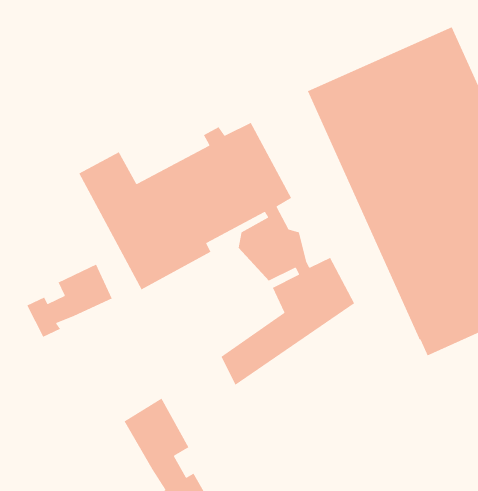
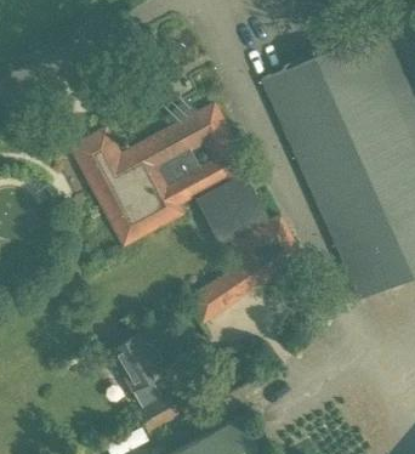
building: [26,263,113,338] -> none

